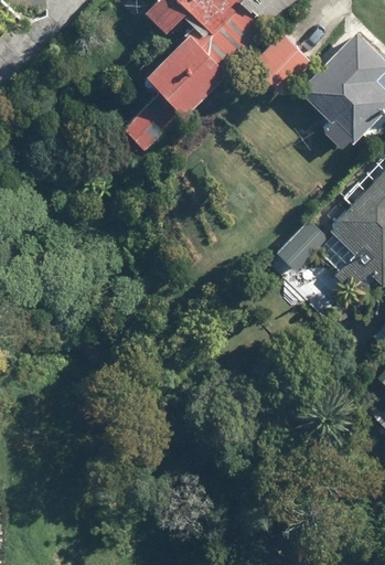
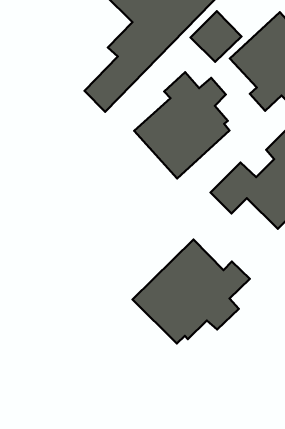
building: none -> [134,72,230,179]
building: none -> [133,239,250,344]

